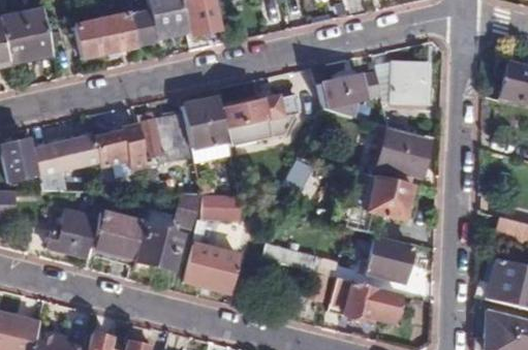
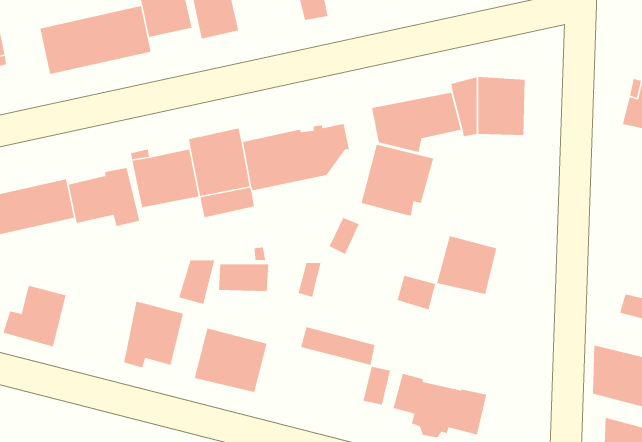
building: [373,131,427,184] -> [360,144,434,216]
building: [93,212,145,258] -> none
building: [369,237,413,280] -> none

